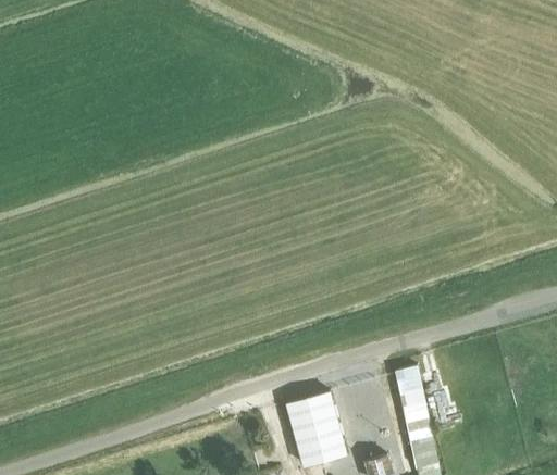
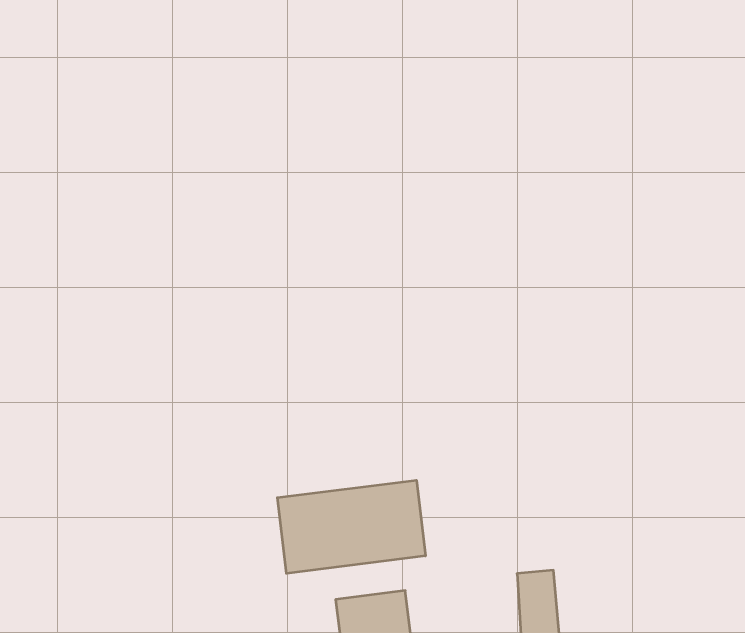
building: none -> [277,480,425,573]

